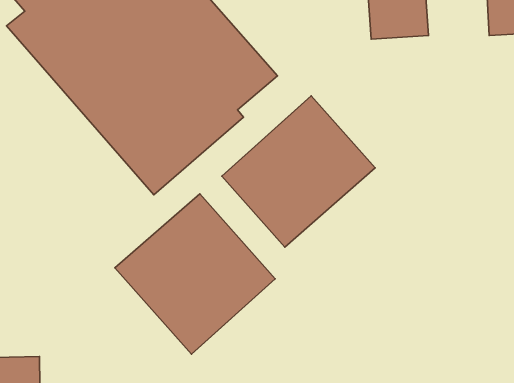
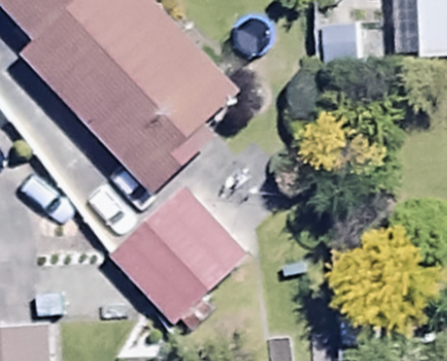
building: [222,96,375,247] -> none

